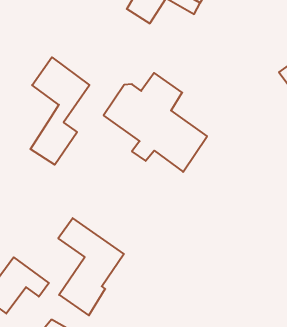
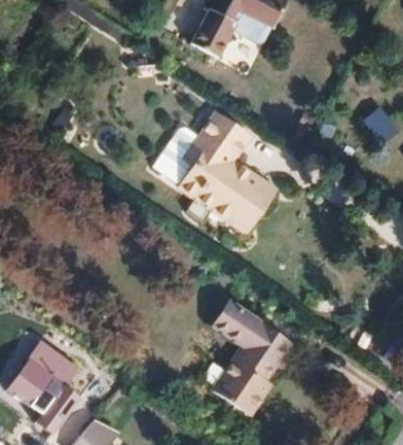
building: [30,57,89,165] -> none
building: [58,218,124,315] -> [203,289,282,407]

